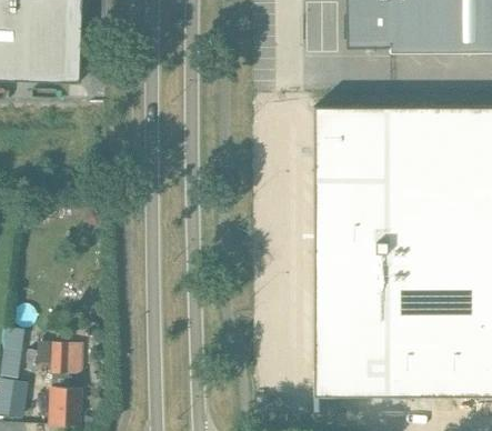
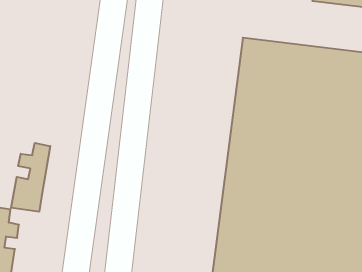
building: none -> [11,143,50,212]

